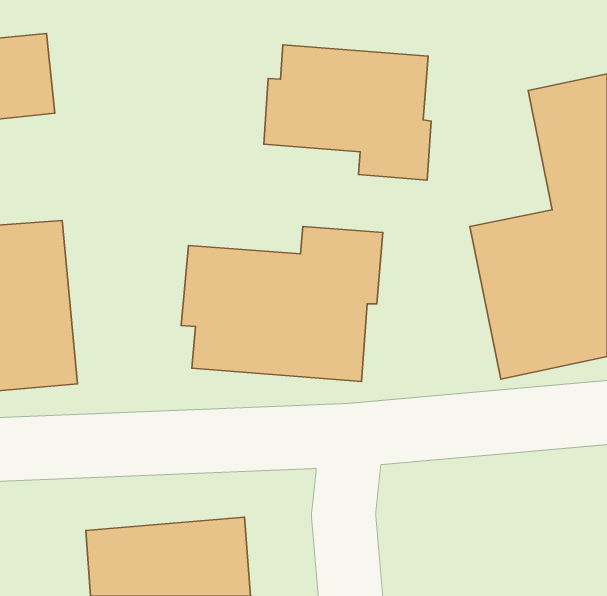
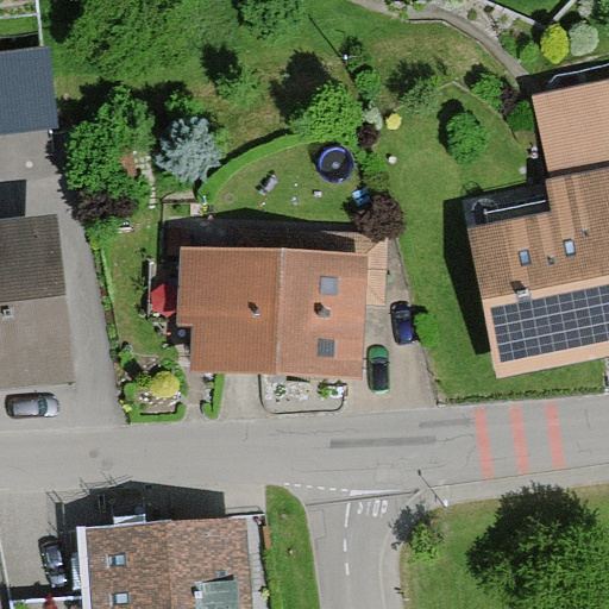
building: [264,45,431,180] -> none

